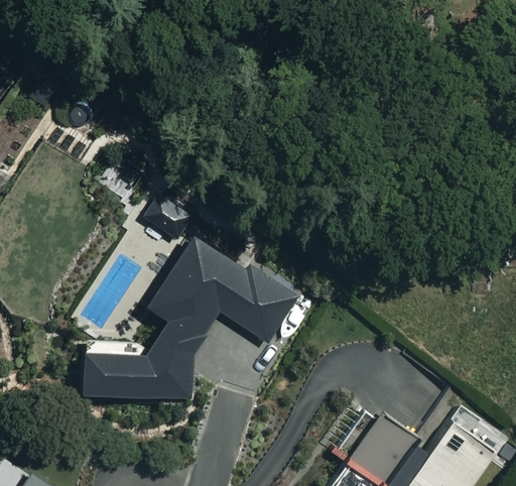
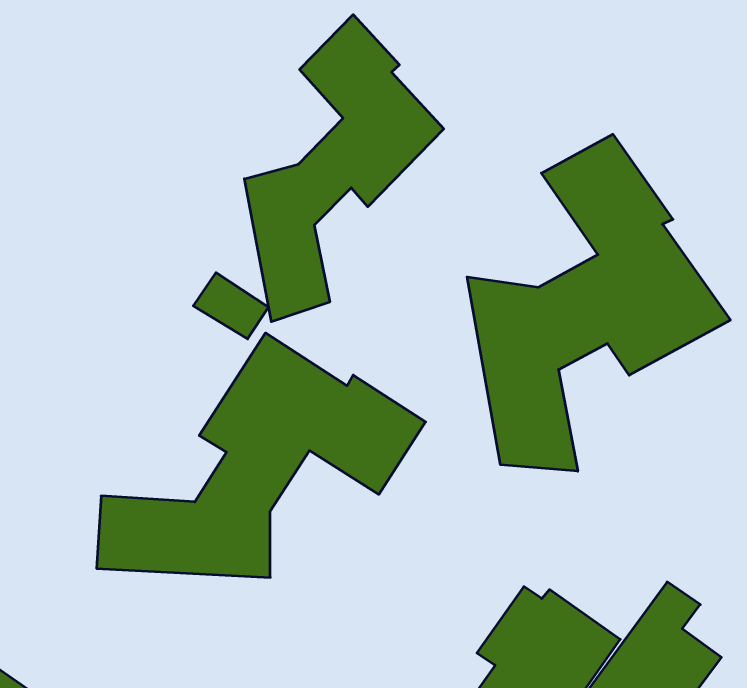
building: none -> [244,15,444,322]
building: none -> [467,134,730,471]

